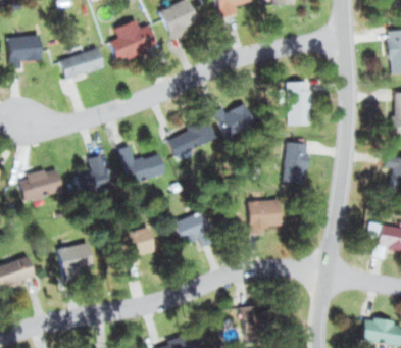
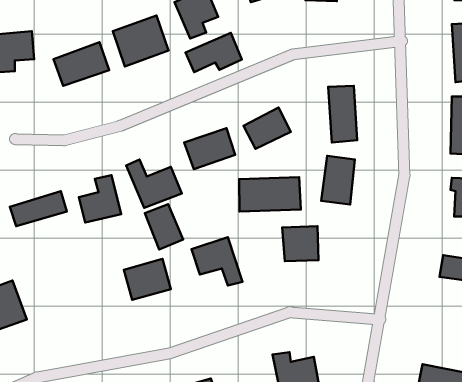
building: none -> [186,33,242,72]
building: none -> [239,177,301,212]
building: none -> [145,204,183,249]
building: [54,238,94,284] -> none

